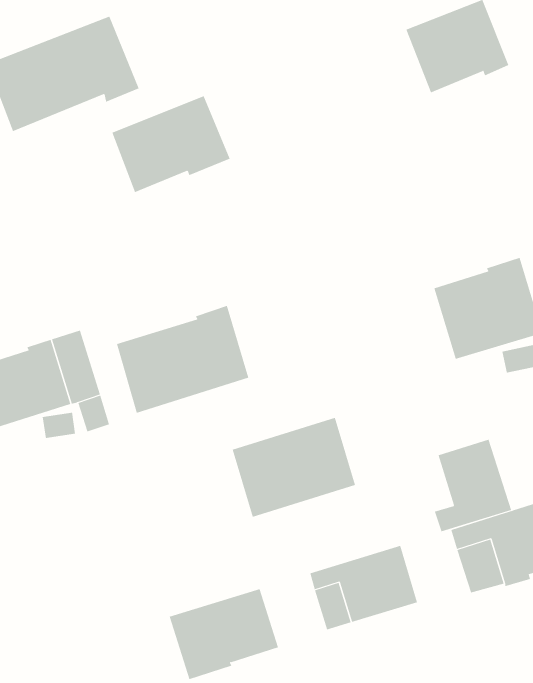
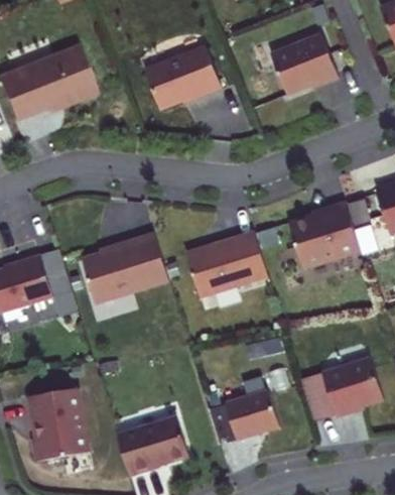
building: [111,95,230,193] -> [145,47,223,111]
building: [232,417,356,518] -> [187,231,268,296]
building: [434,439,512,532] -> none
building: none -> [26,387,88,451]

